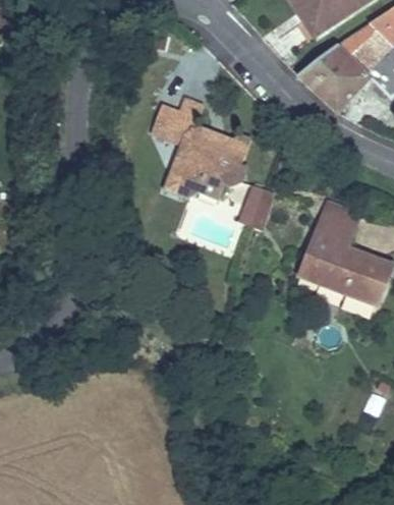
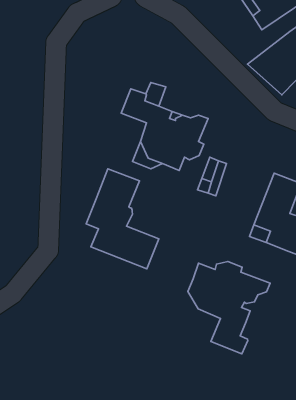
building: none -> [86,169,159,269]
building: none -> [188,261,270,354]

